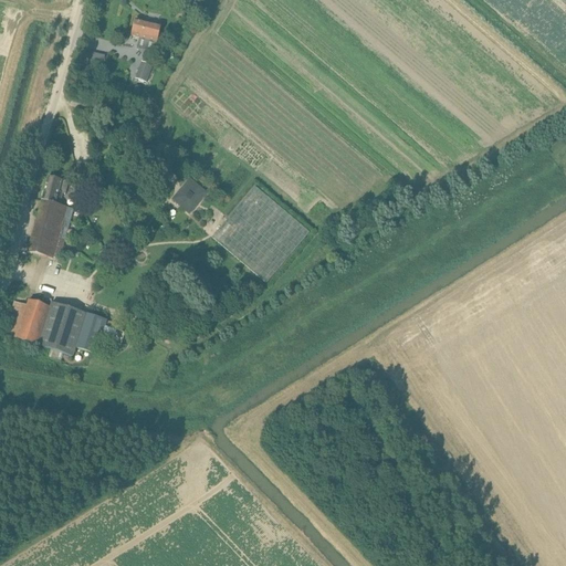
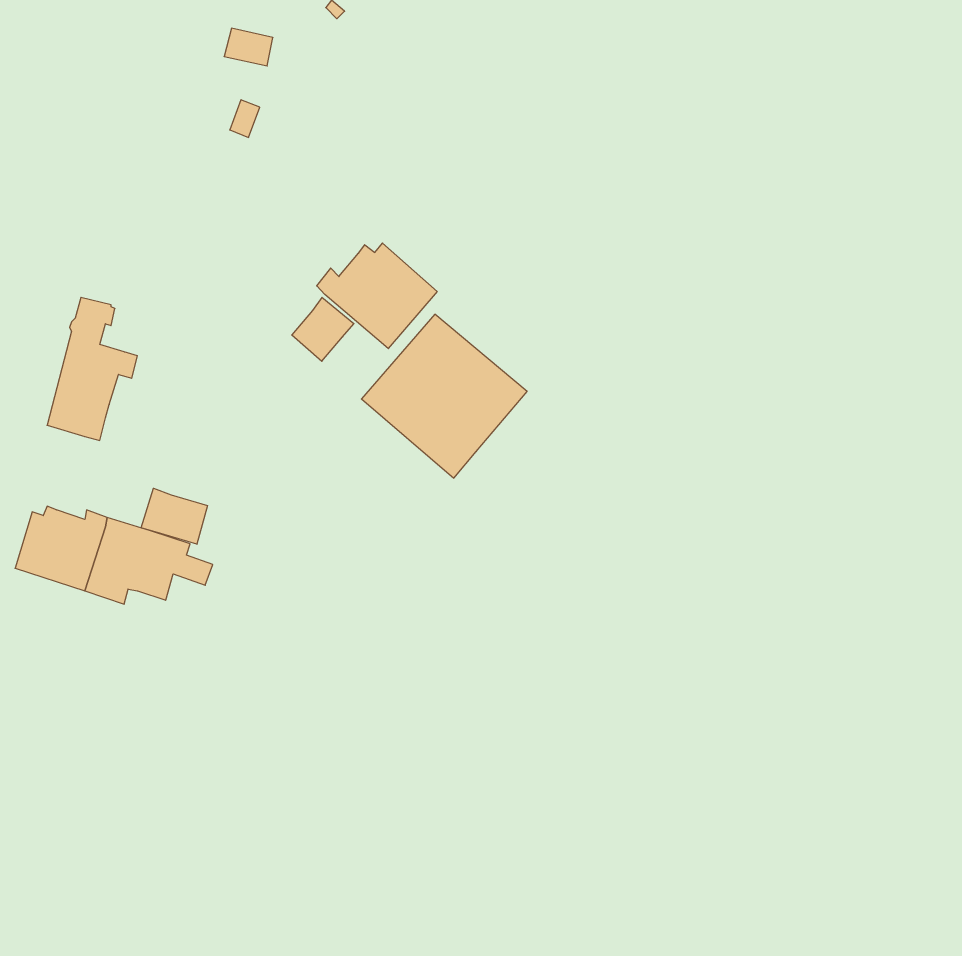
building: none -> [317,243,437,349]
building: none -> [141,488,207,544]

